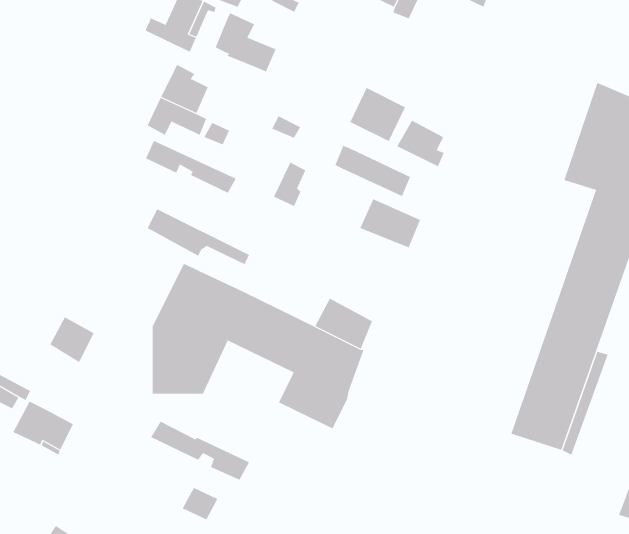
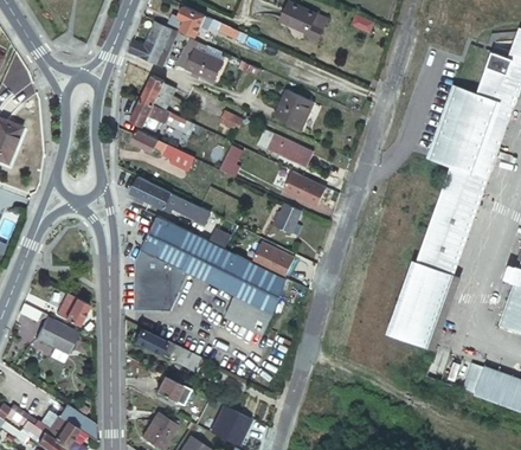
building: [396,120,444,167] -> none
building: none -> [270,201,301,234]
building: [50,316,94,363] -> [56,291,88,324]

